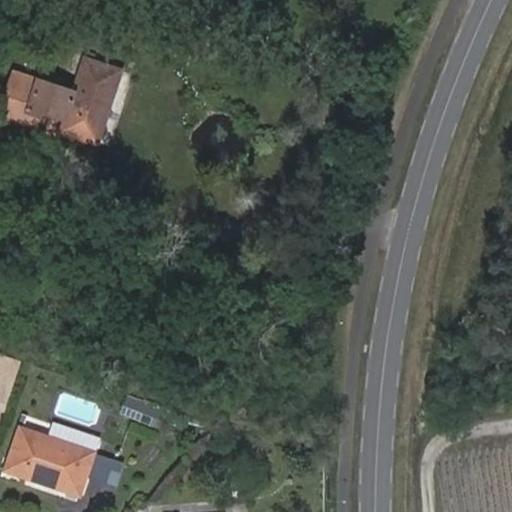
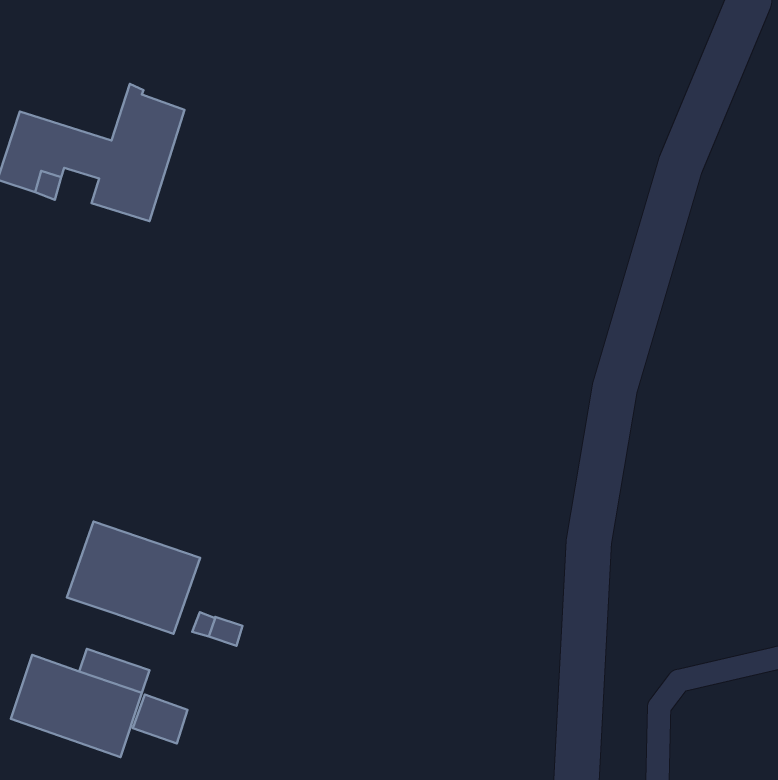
building: none -> [67,521,200,634]

